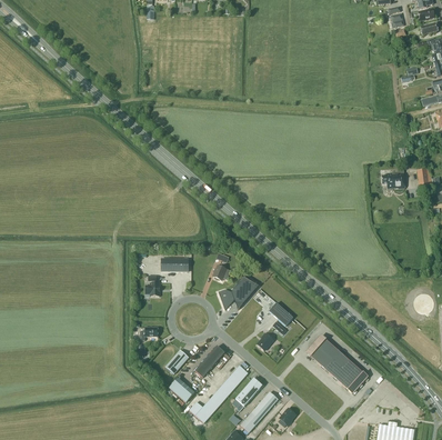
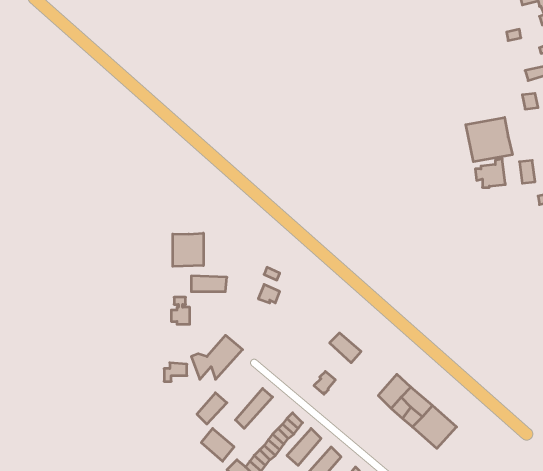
building: none -> [466,117,512,162]
building: none -> [173,233,203,266]
building: [219,274,259,309] -> [191,335,243,379]

